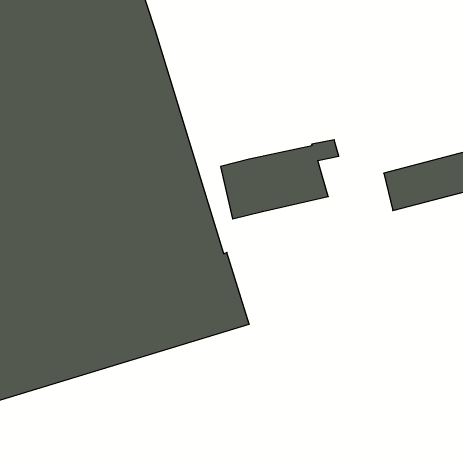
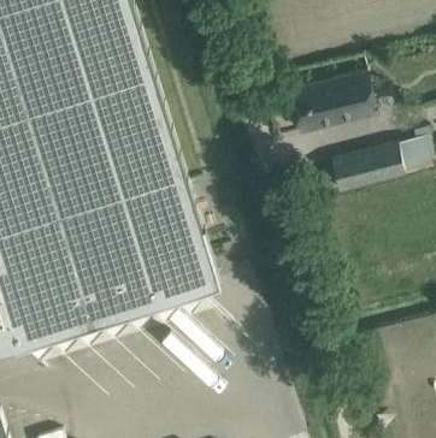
building: [221,140,339,219] -> [291,73,387,137]

